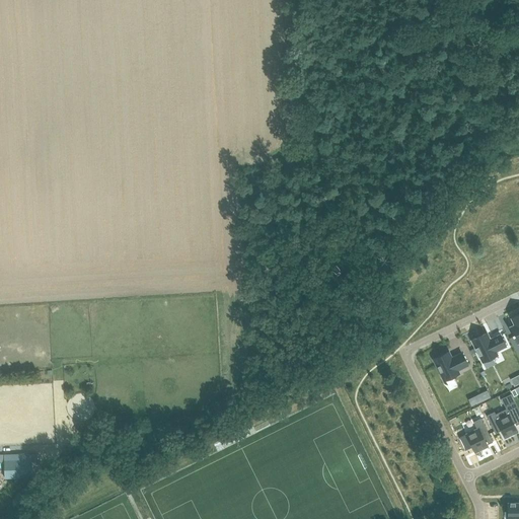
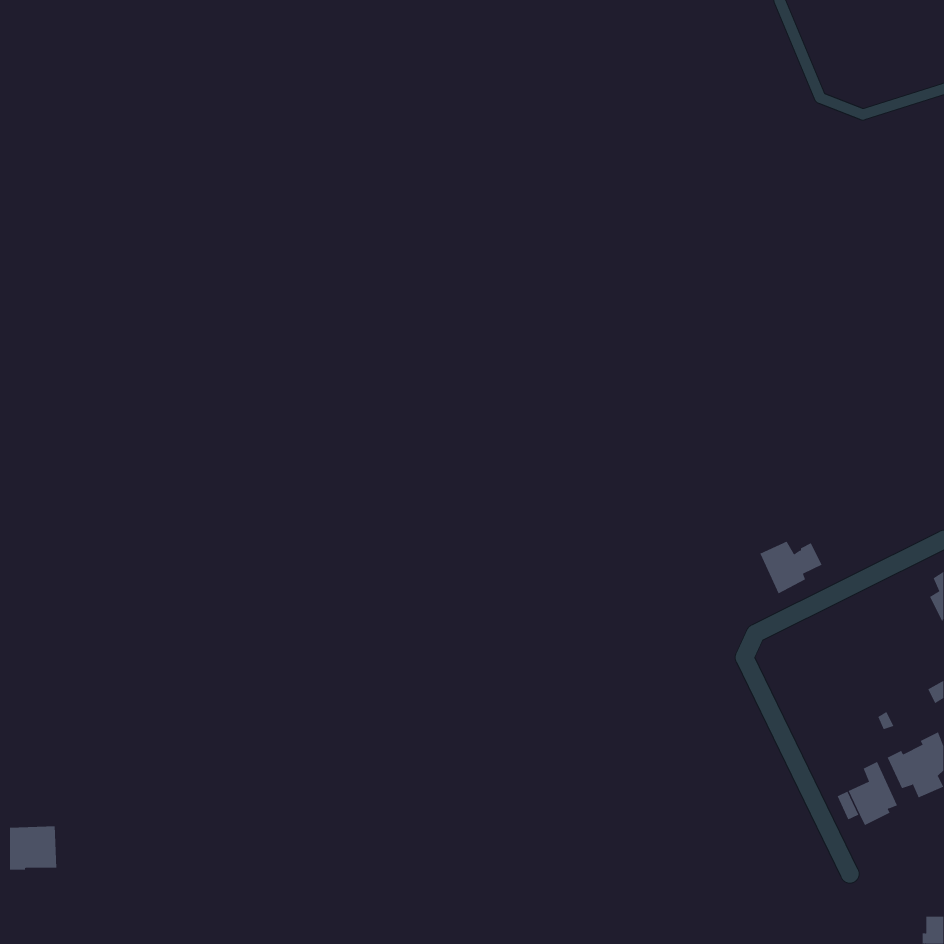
building: [471,332,506,362] -> none
building: [437,350,471,379] -> [760,541,822,594]

